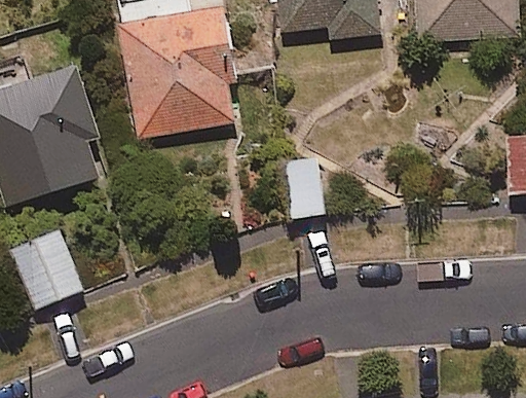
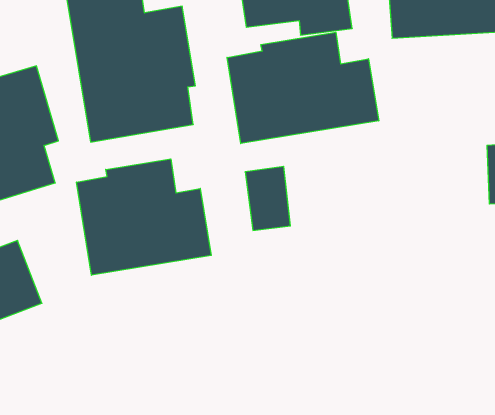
building: none -> [227,32,379,144]
building: none -> [77,159,211,275]

